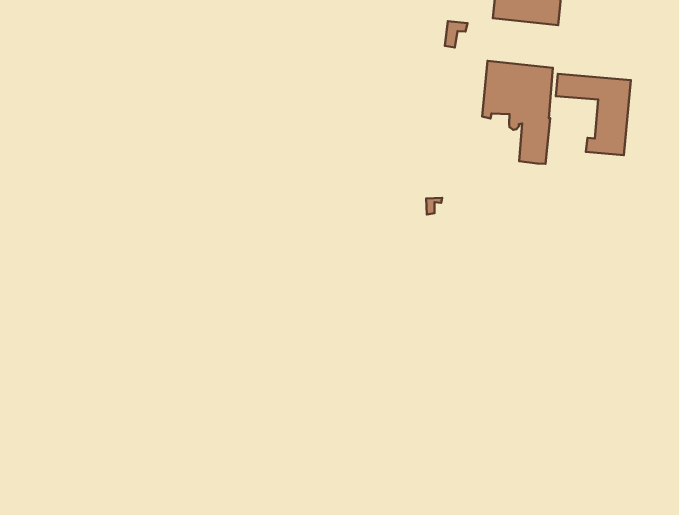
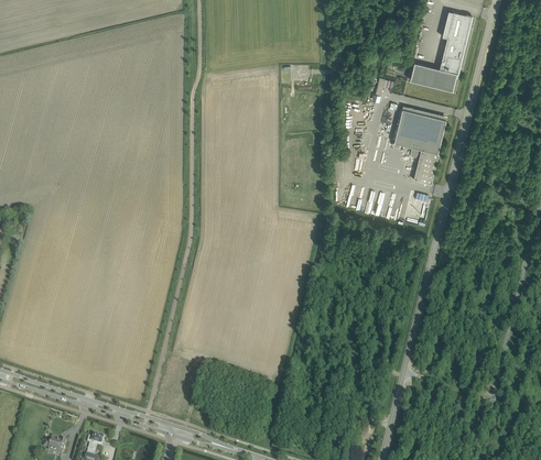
building: [556,74,631,155] -> none

